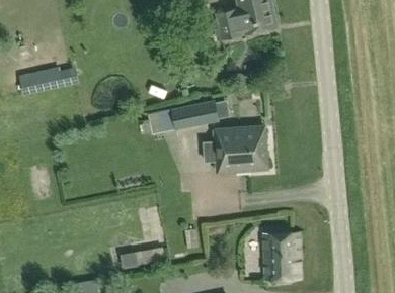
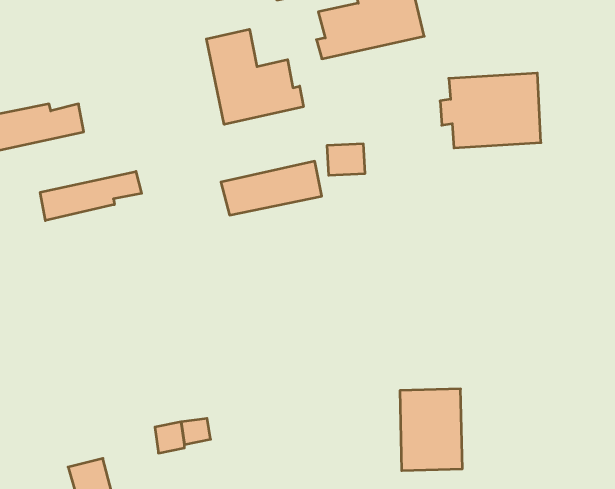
building: none -> [206,29,303,124]
building: none -> [40,171,142,221]
building: [209,128,267,172] -> [440,73,541,148]

